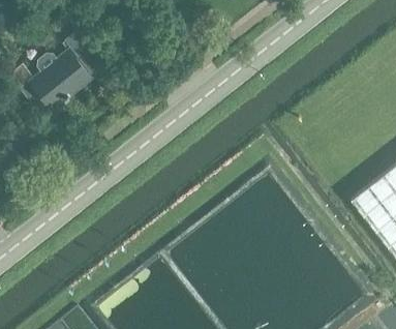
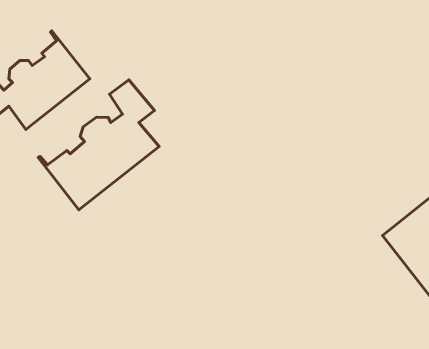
building: none -> [38,80,159,210]

